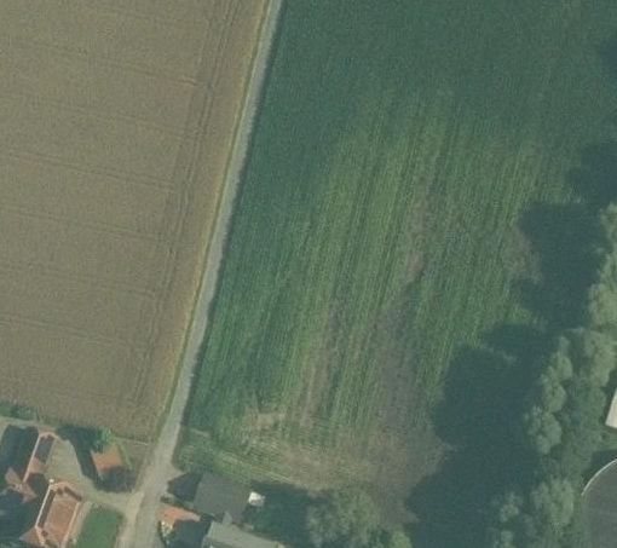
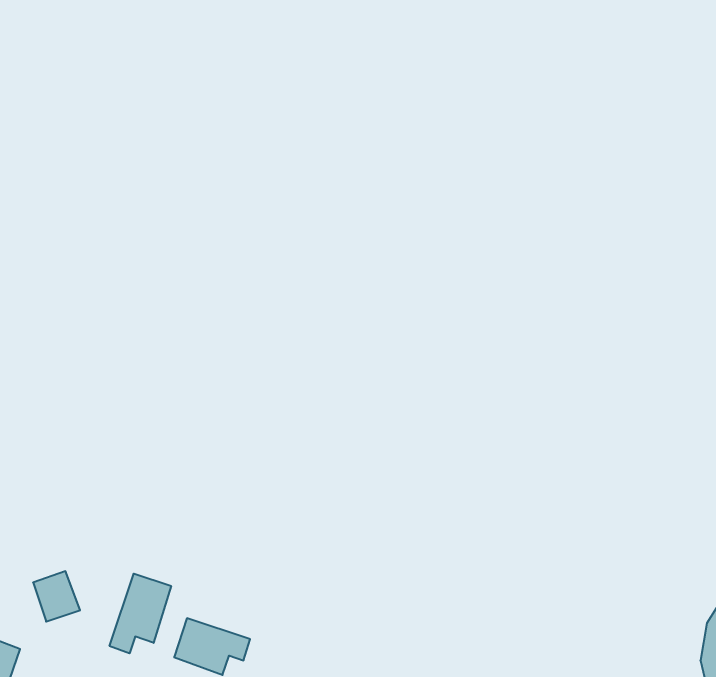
building: none -> [110,574,171,653]

